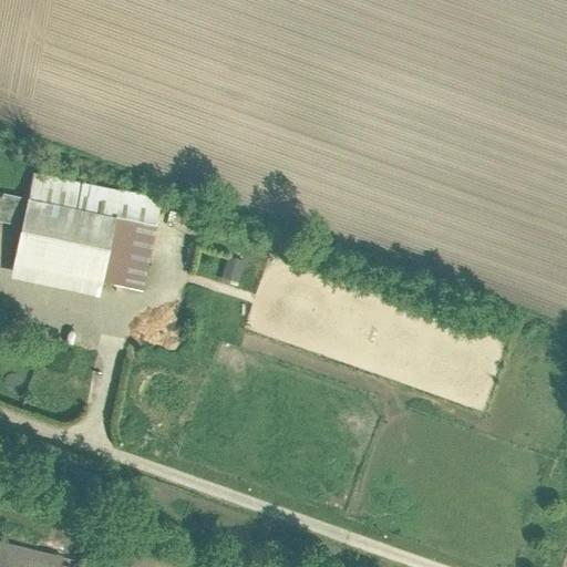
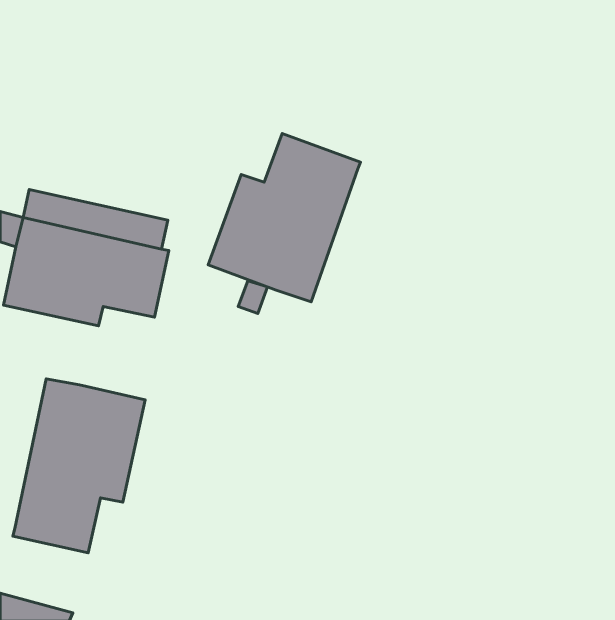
building: none -> [208,134,361,302]
building: none -> [13,379,145,553]

